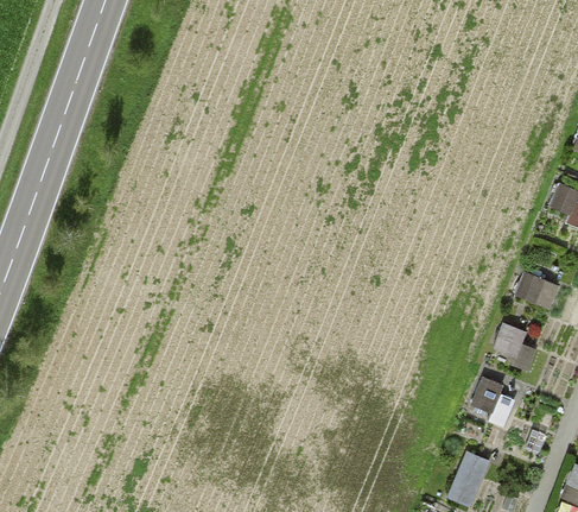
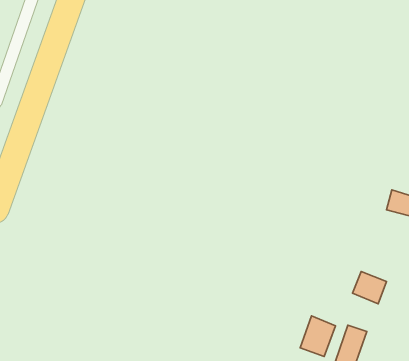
building: [493,325,540,366] -> none
building: none -> [300,316,336,356]

